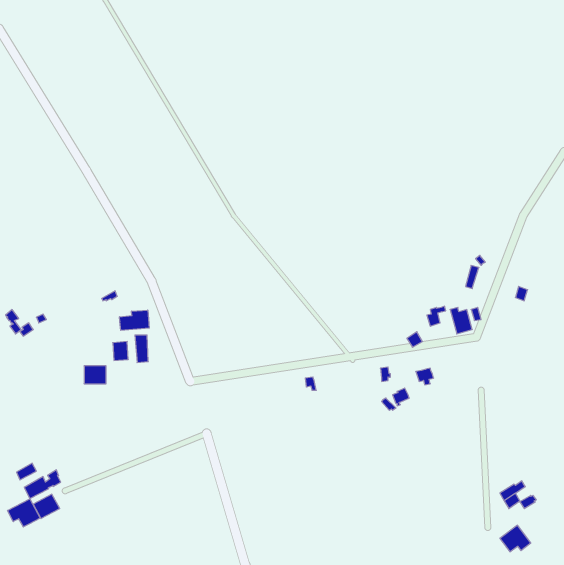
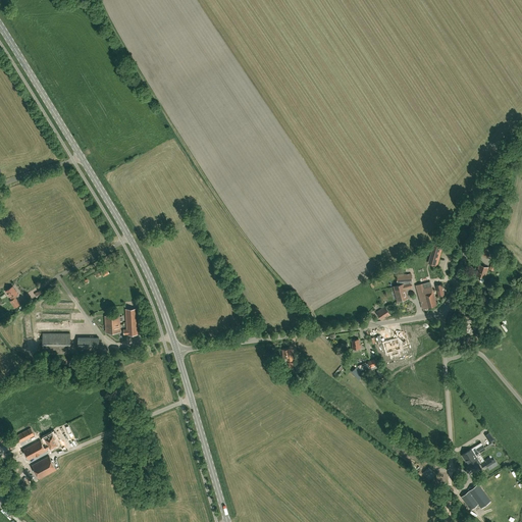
building: [120,310,149,330] -> none
building: none -> [42,333,69,354]
building: [8,499,40,527] -> none

